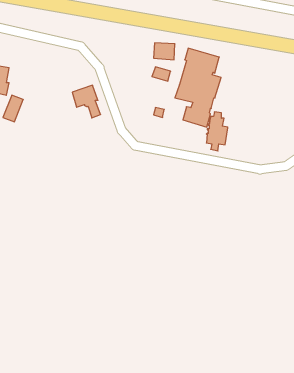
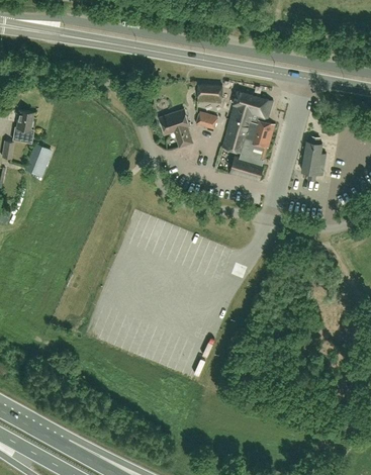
building: [72,85,101,118] -> [160,109,192,147]
building: [206,112,228,151] -> [301,136,326,181]

